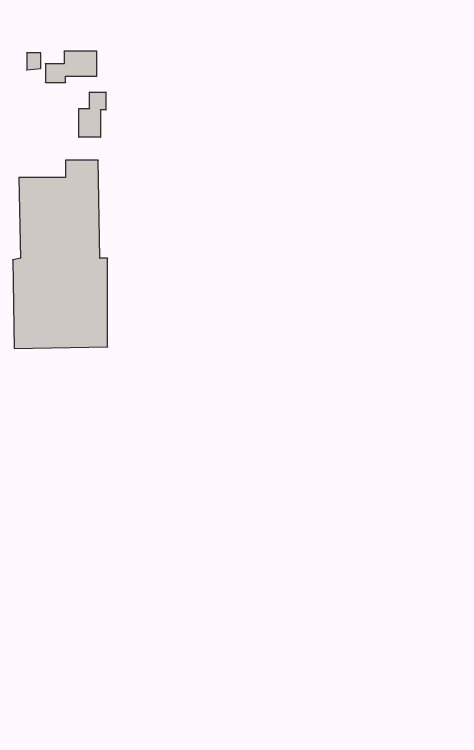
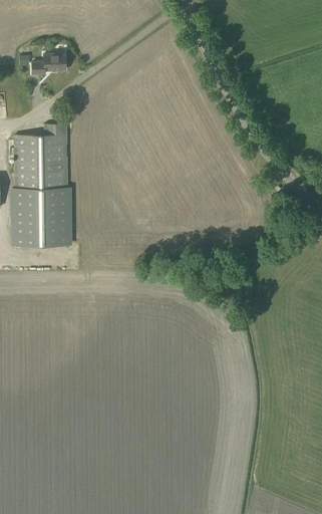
building: [79,92,106,137] -> none

